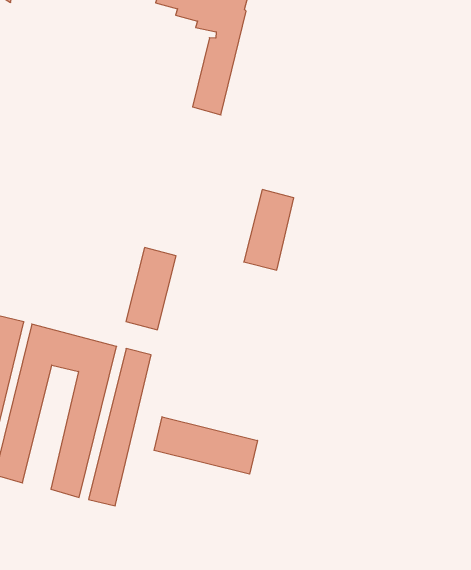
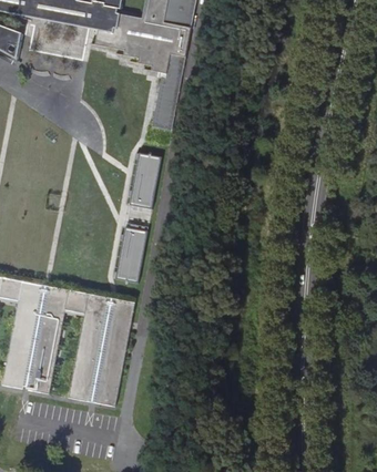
building: [244,190,294,270] -> [128,152,160,207]
building: [154,417,257,474] -> none

